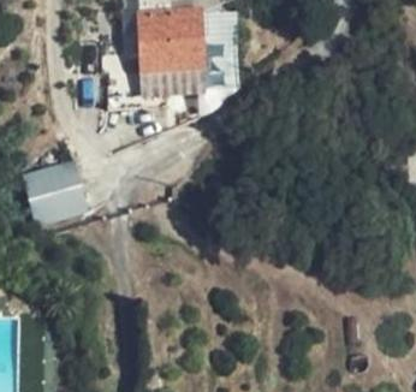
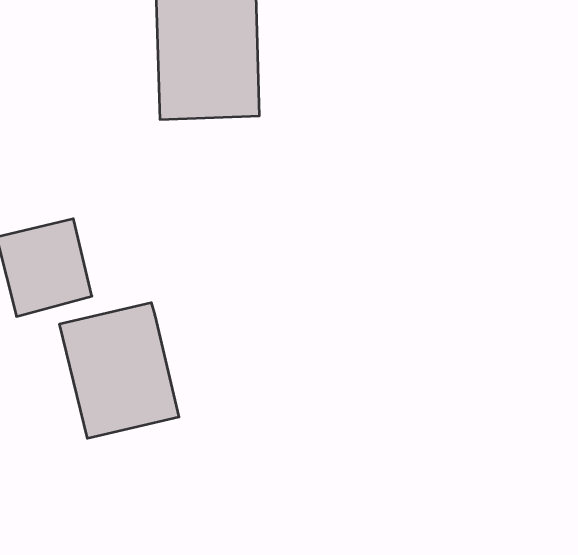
building: none -> [60,303,179,438]

